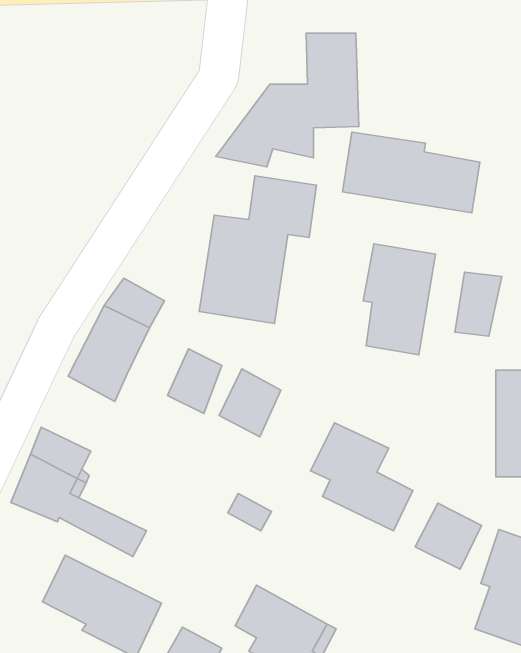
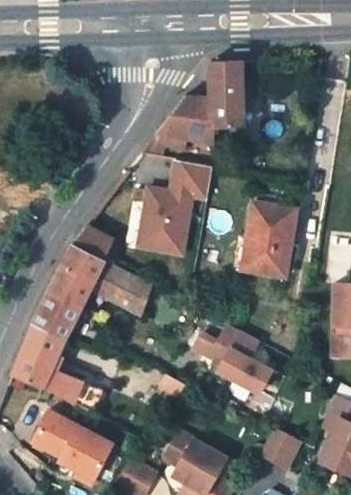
building: [343,132,480,213] -> none
building: [455,272,502,336] -> none
building: [219,369,281,437] -> [88,260,129,305]
building: none -> [31,292,80,342]
building: [415,503,481,569] -> [260,426,304,470]

